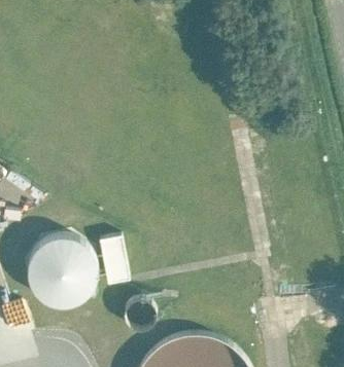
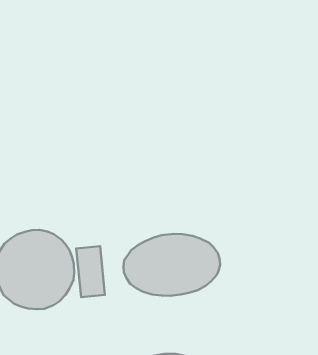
building: none -> [123,234,220,296]

